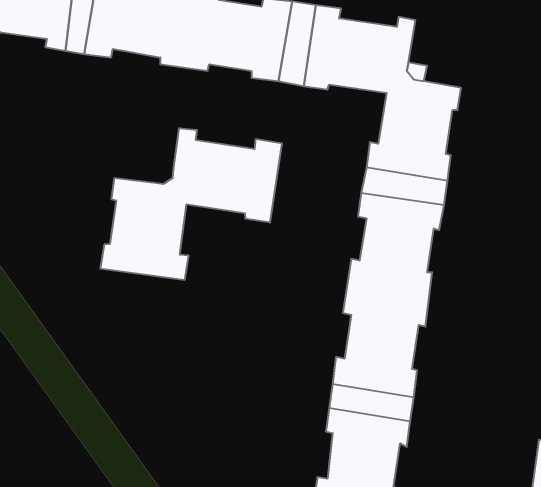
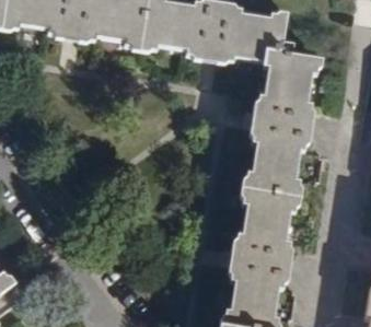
building: [100,128,282,280] -> none

